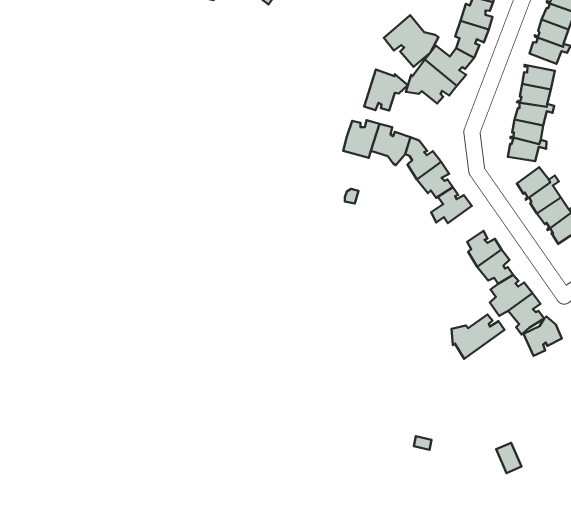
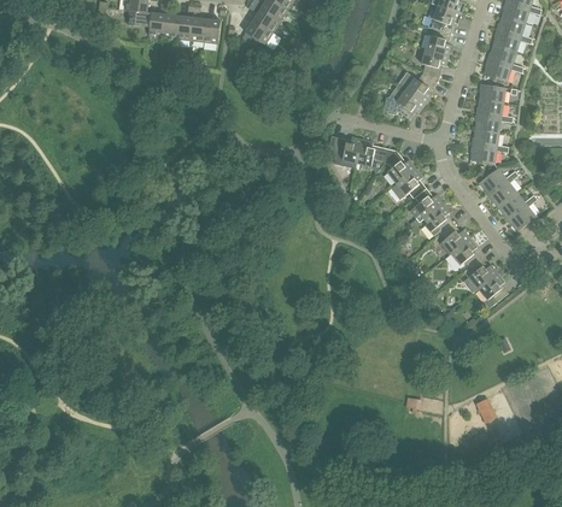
building: [384,15,438,67] -> none
building: [364,69,408,110] -> none
building: none -> [422,201,452,234]
building: [451,314,504,359] -> none
building: [524,317,562,356] -> none

